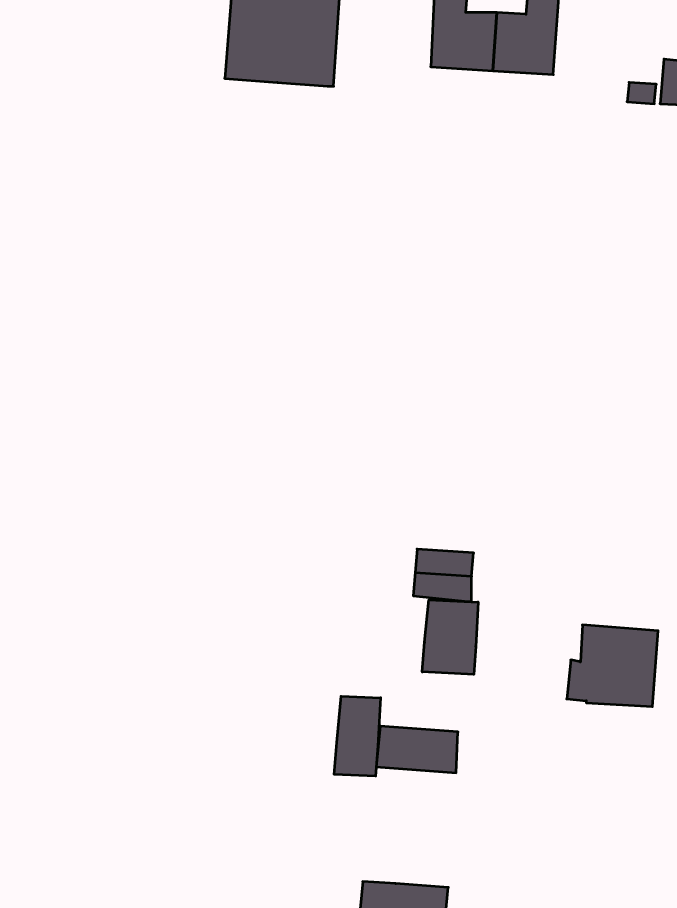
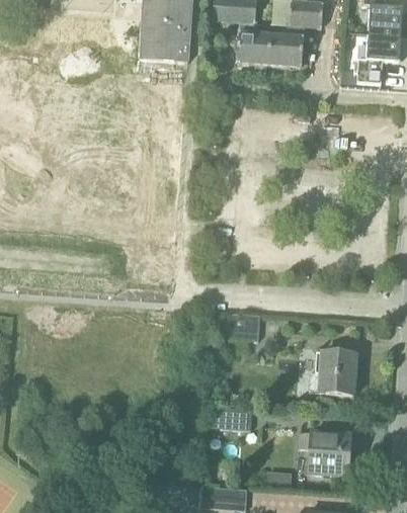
building: [422,600,478,674] -> none
building: [334,696,381,776] -> none
building: none -> [300,431,351,473]

